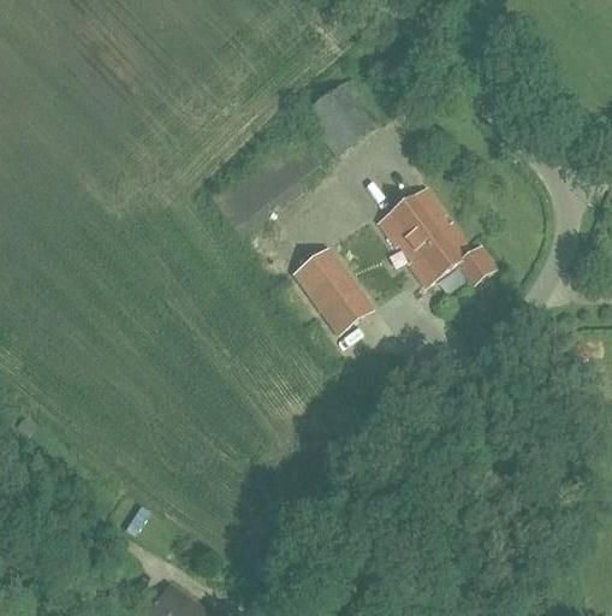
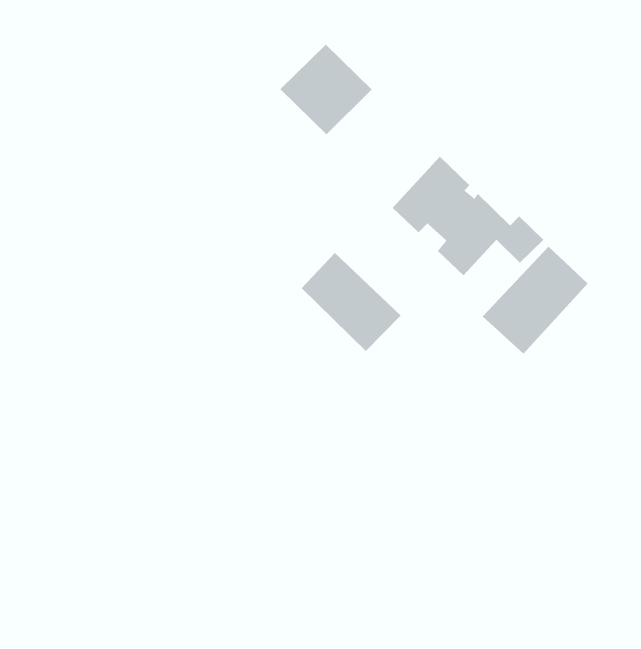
building: none -> [482,246,589,355]

